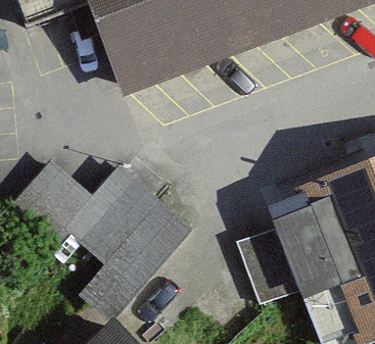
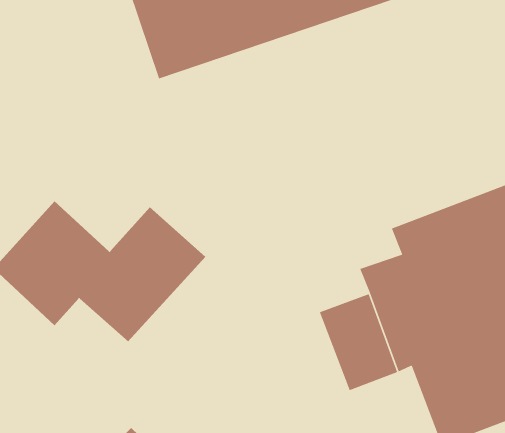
building: [85,205,192,316] -> none

